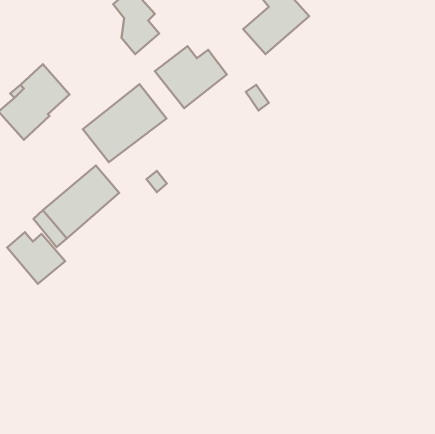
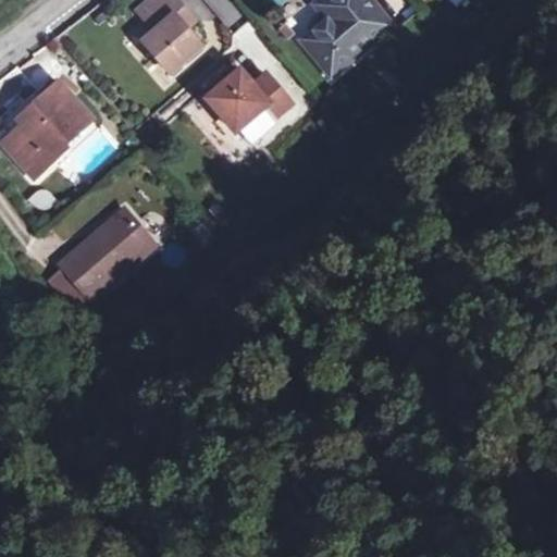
building: [83,84,166,162] -> none
building: [7,232,65,284] -> none

